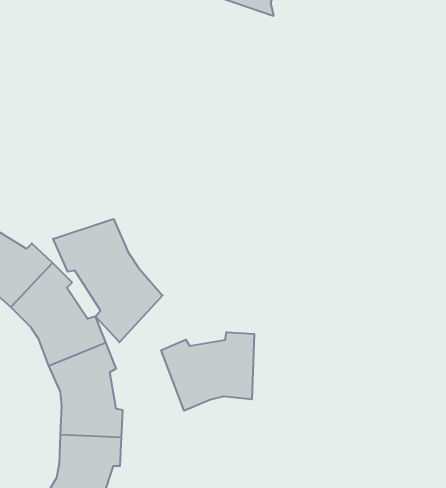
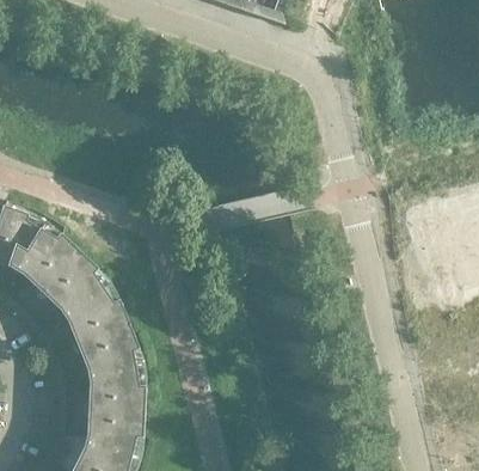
building: [53,219,163,342] -> none
building: [161,332,254,411] -> none

